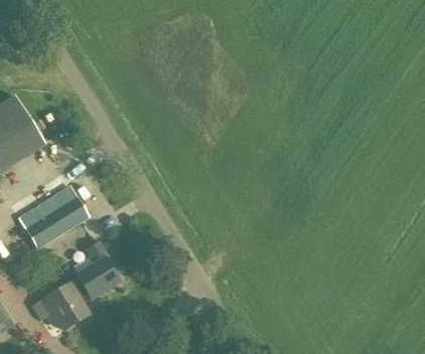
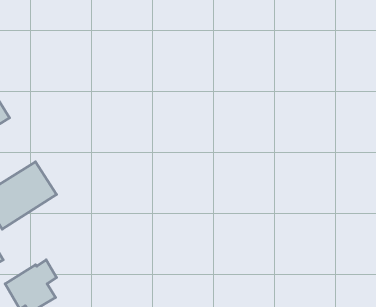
building: [77,242,119,300] -> none

